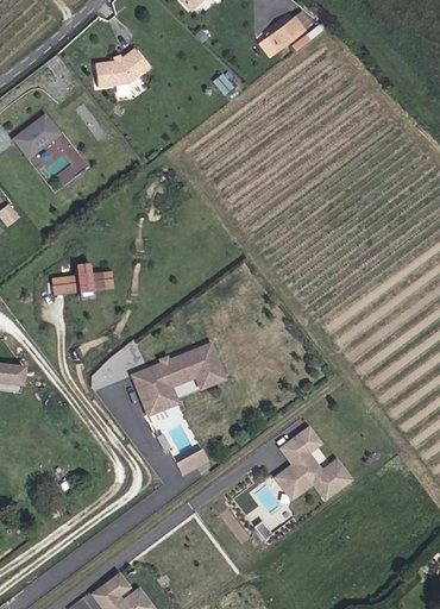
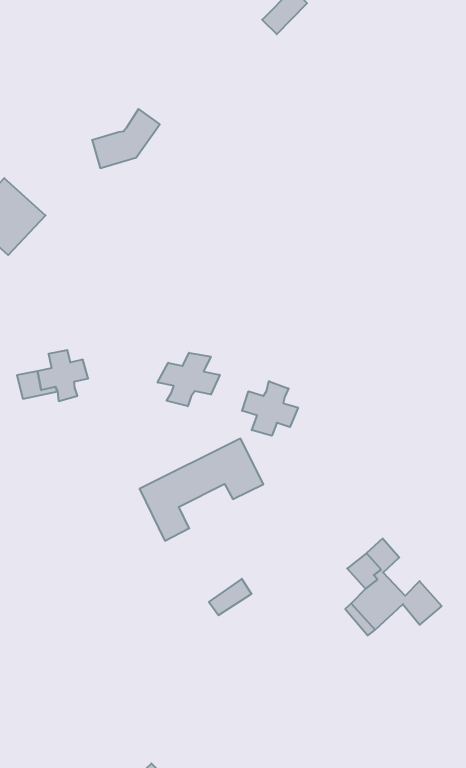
building: [93,46,144,87] -> [92,109,160,168]
building: none -> [158,353,220,406]
building: none -> [242,381,298,436]

